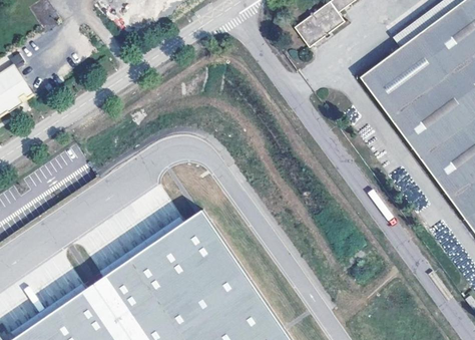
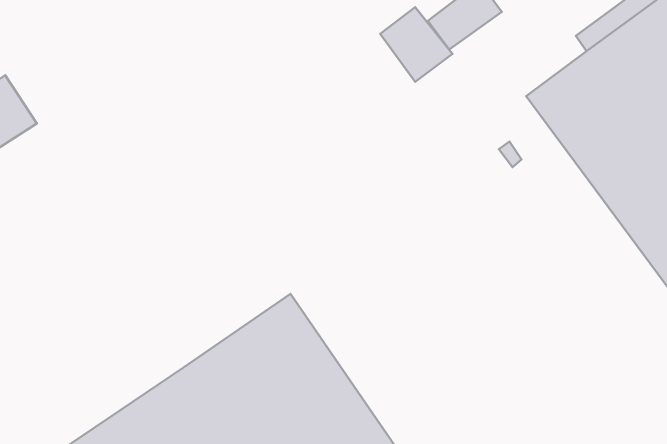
building: none -> [380,7,453,82]

